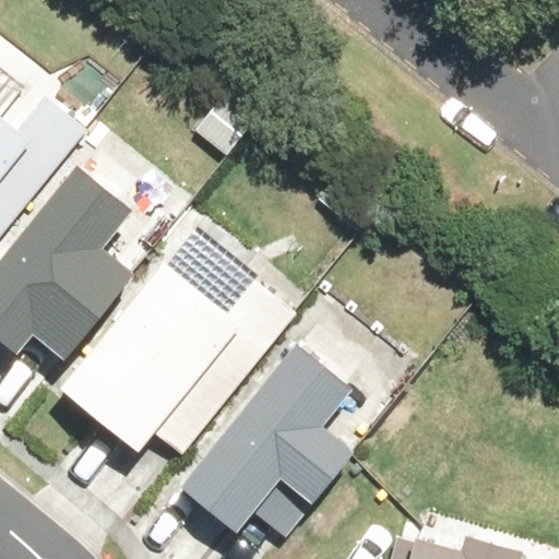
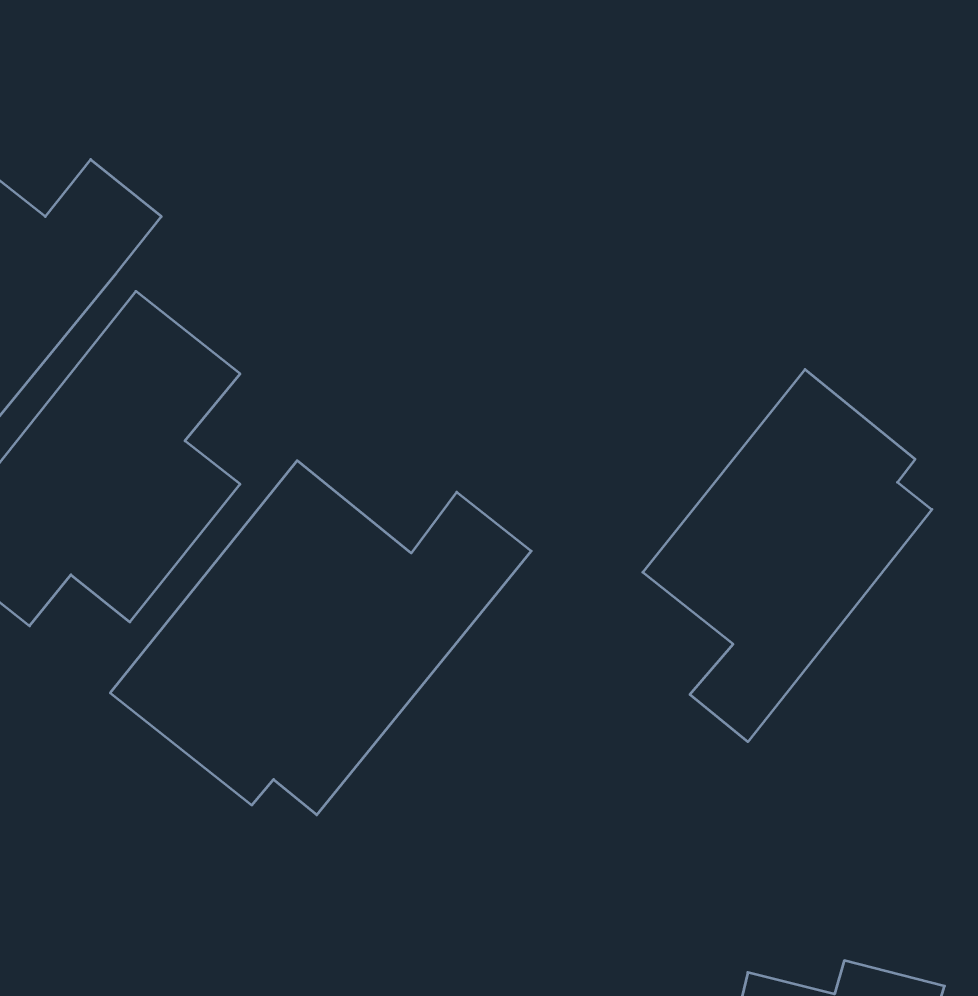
building: none -> [643,369,932,742]
building: [182,344,354,528] -> none

